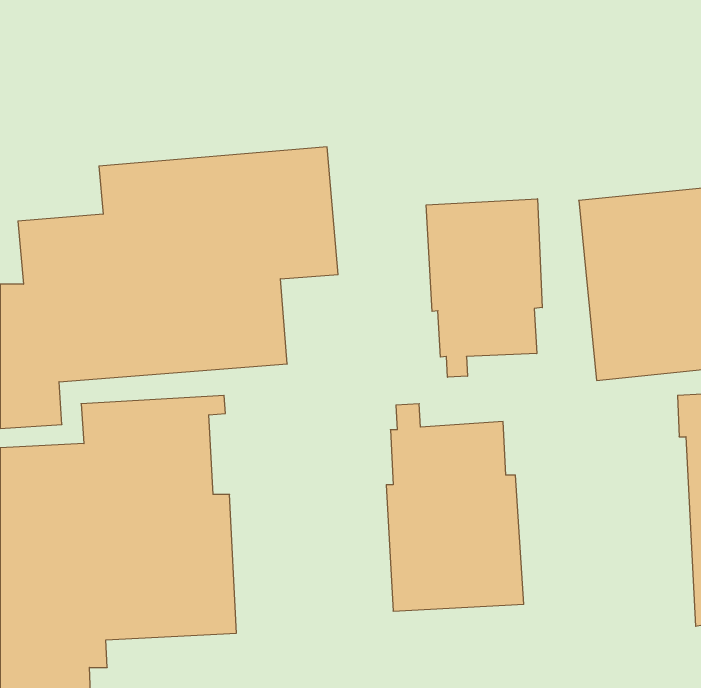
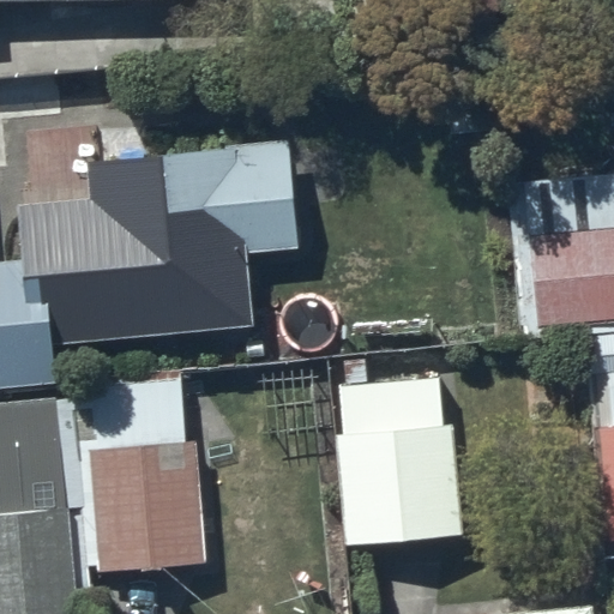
building: [426,199,542,377] -> none

